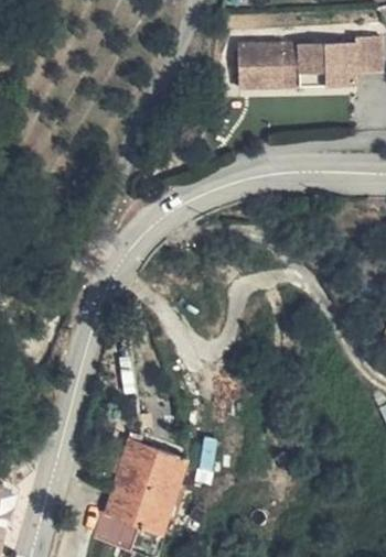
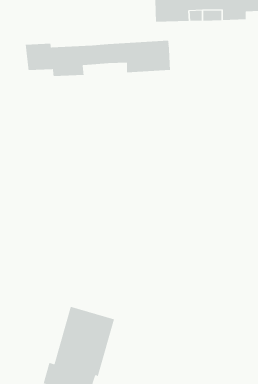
building: none -> [25,40,171,77]

